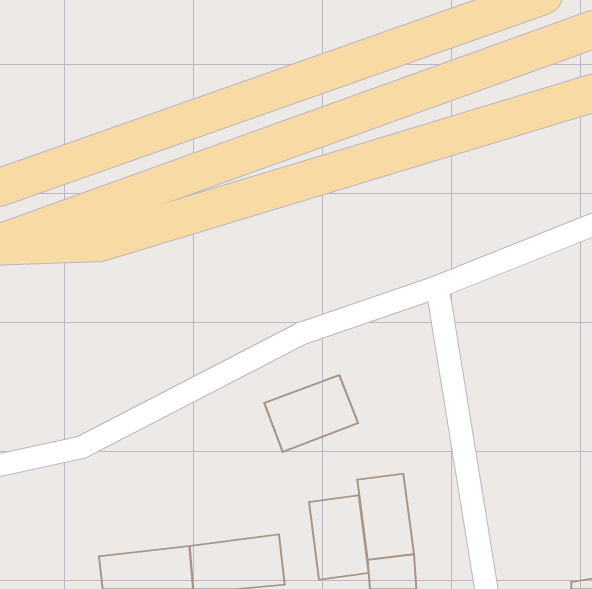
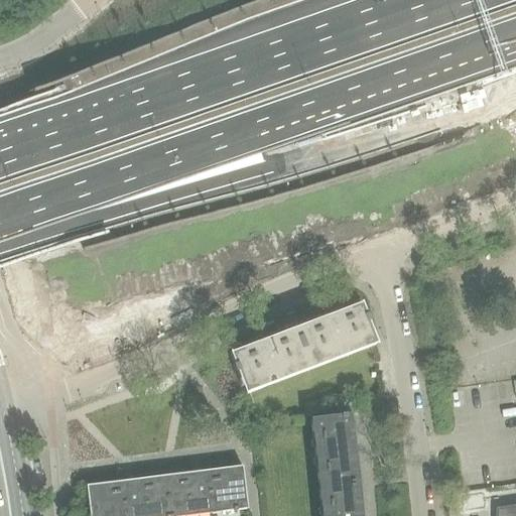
building: none -> [296,300,378,367]
building: [309,495,369,580] -> none

